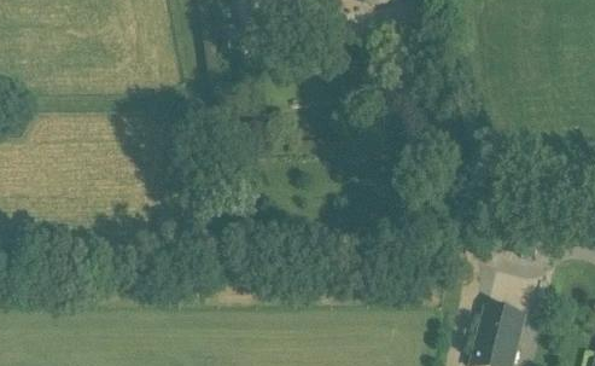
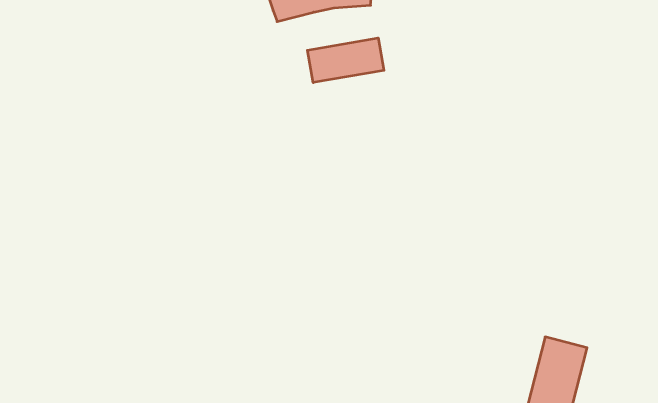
building: none -> [307,38,384,83]

